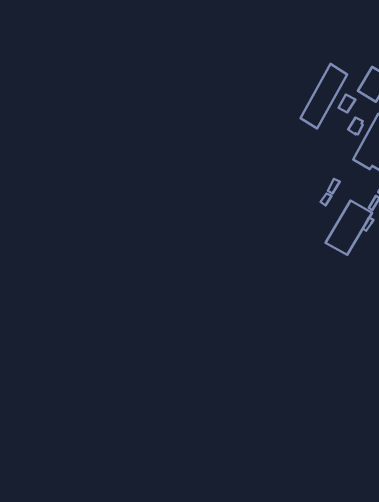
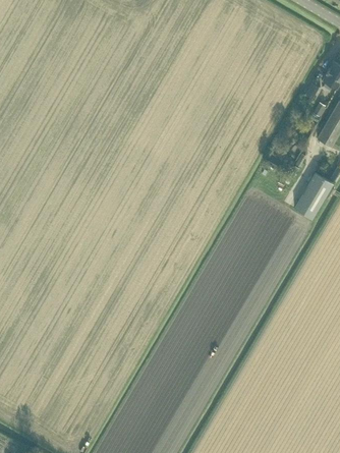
building: [300,64,347,129] -> none

